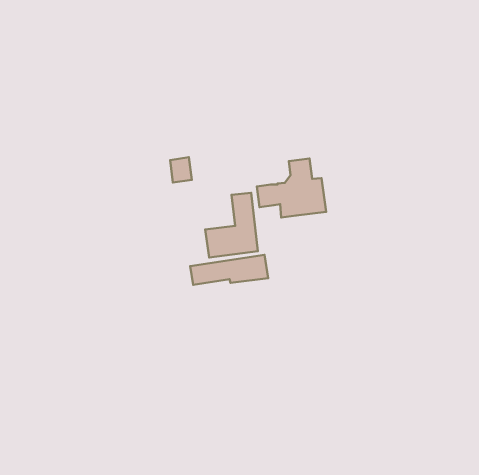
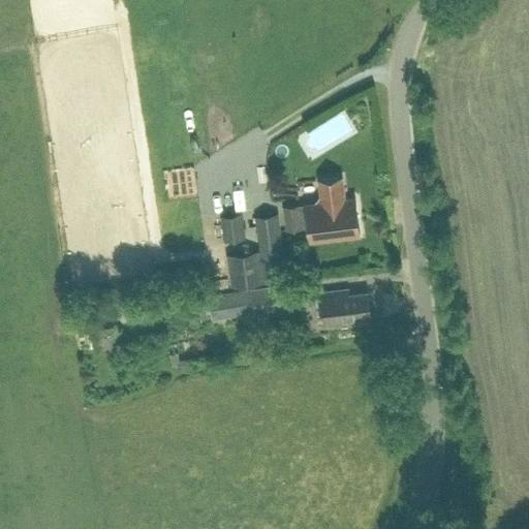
building: [170,157,192,183] -> [221,215,245,243]
building: none -> [319,291,371,329]

